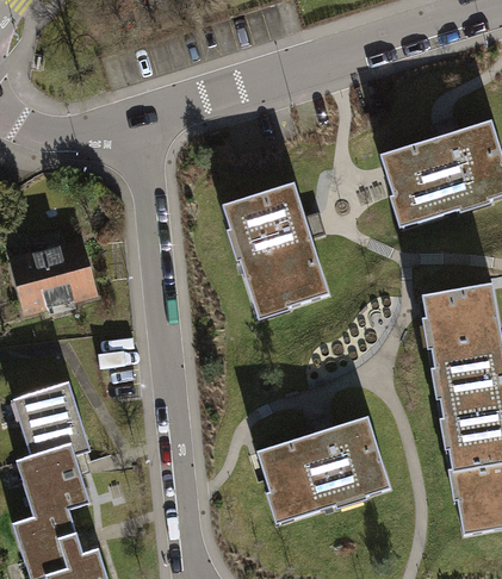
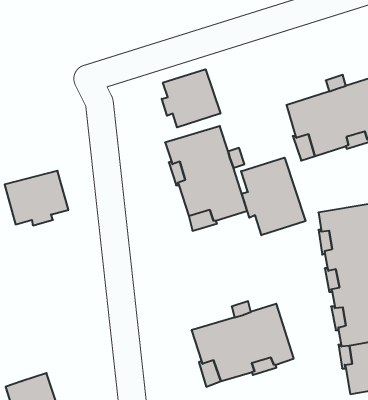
building: none -> [162,69,220,127]
building: none -> [241,158,306,235]
building: [13,381,89,517] -> none

